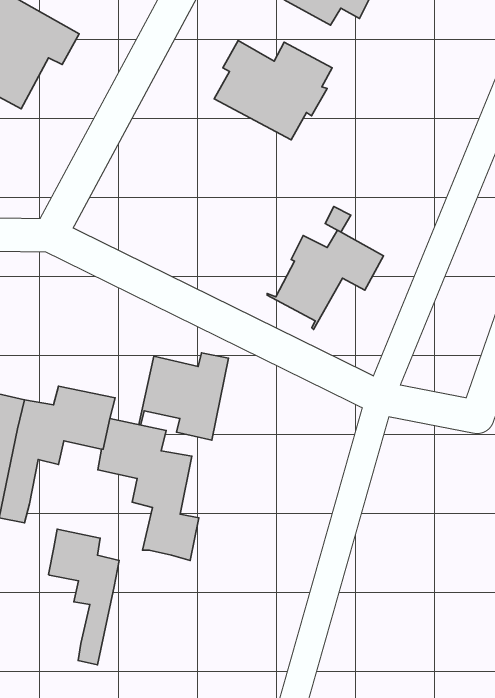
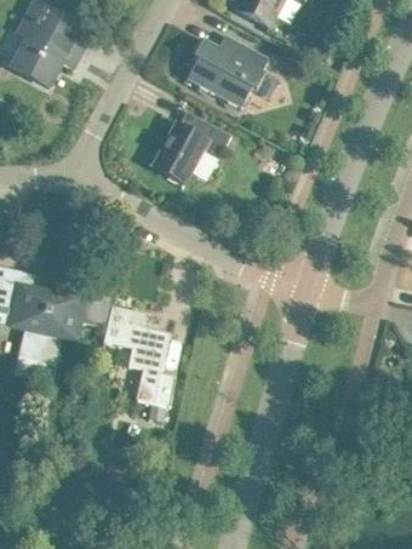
building: [267,230,384,329] -> [148,116,230,187]
building: [139,353,229,440] -> none
building: [48,529,119,665] -> none

